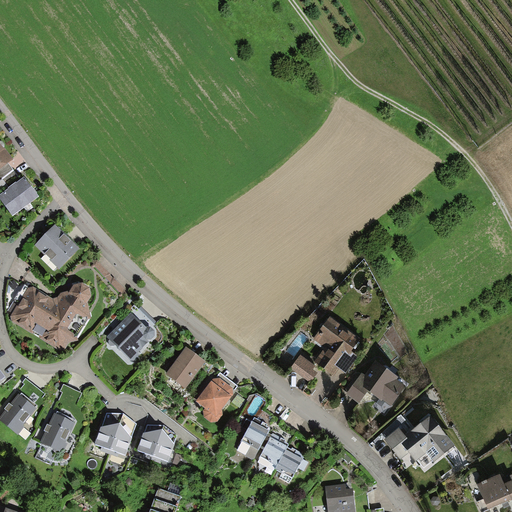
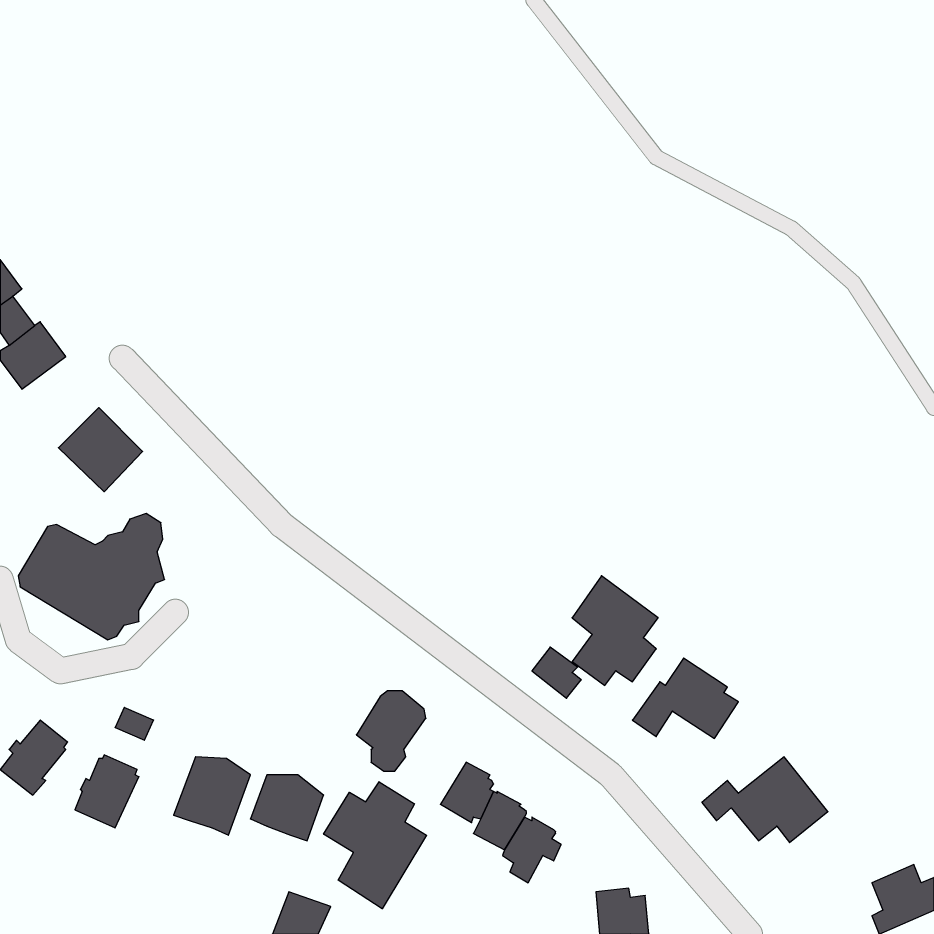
building: [105,312,154,360] -> none
building: [165,347,206,389] -> none
building: none -> [324,782,427,909]

